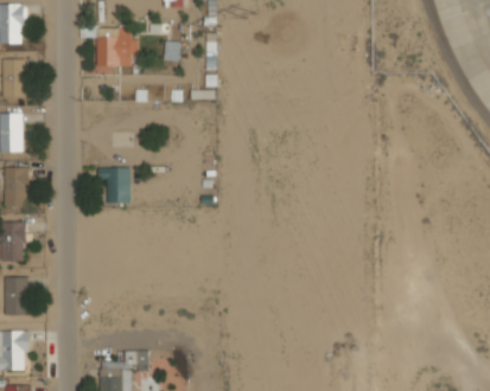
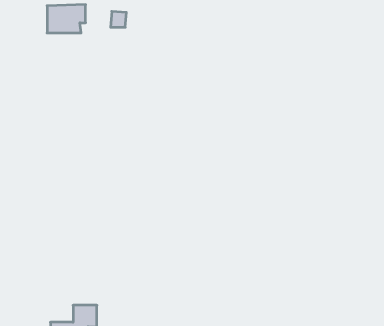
building: [98,167,131,203] -> none

